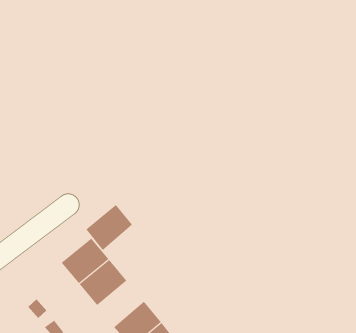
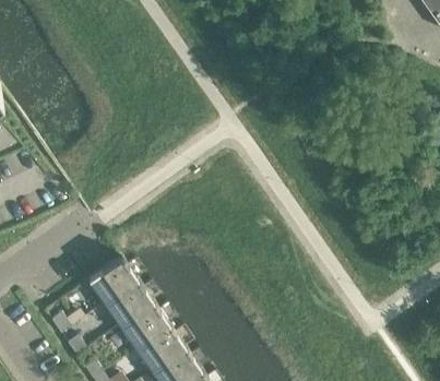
building: [86,204,133,251] -> [122,305,170,350]

